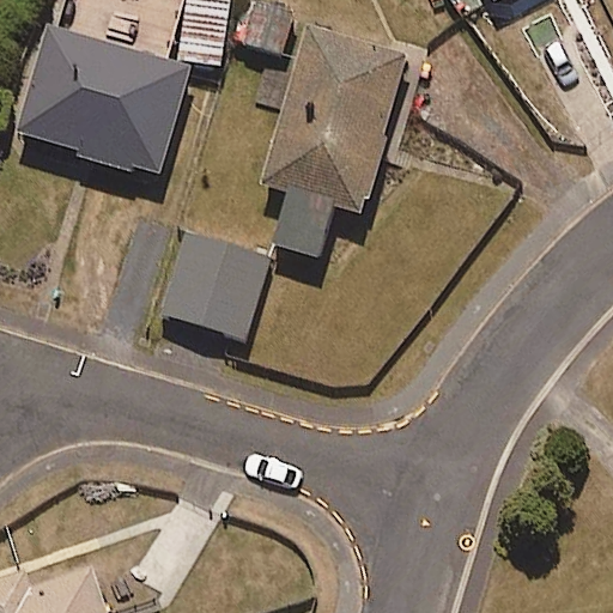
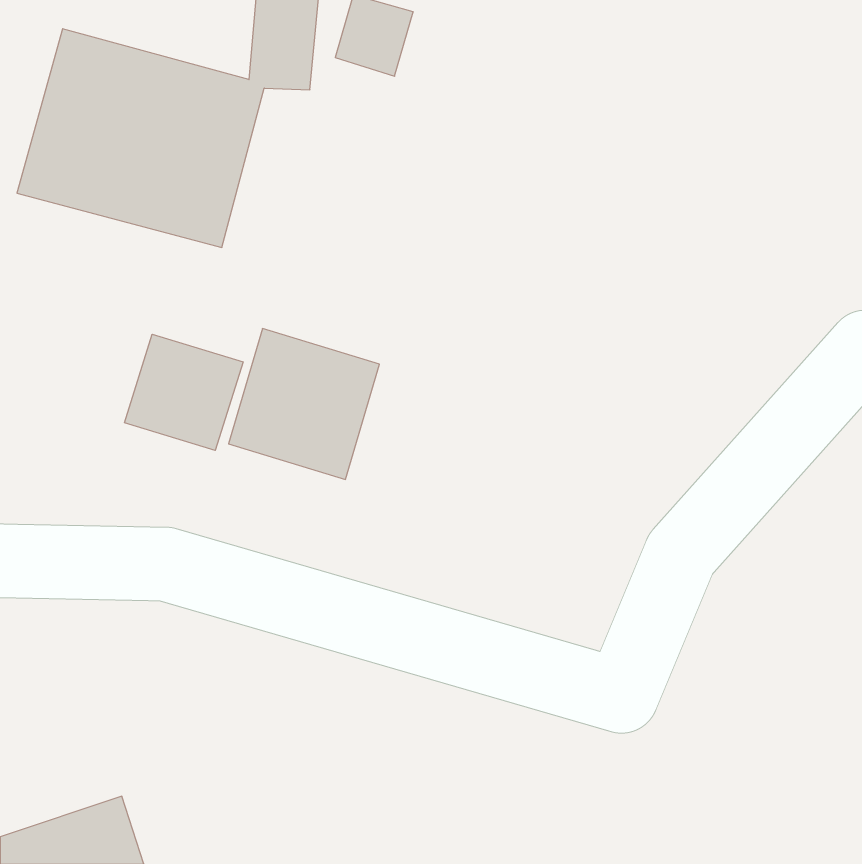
building: [263,26,406,255] -> none
building: none -> [124,334,243,450]

